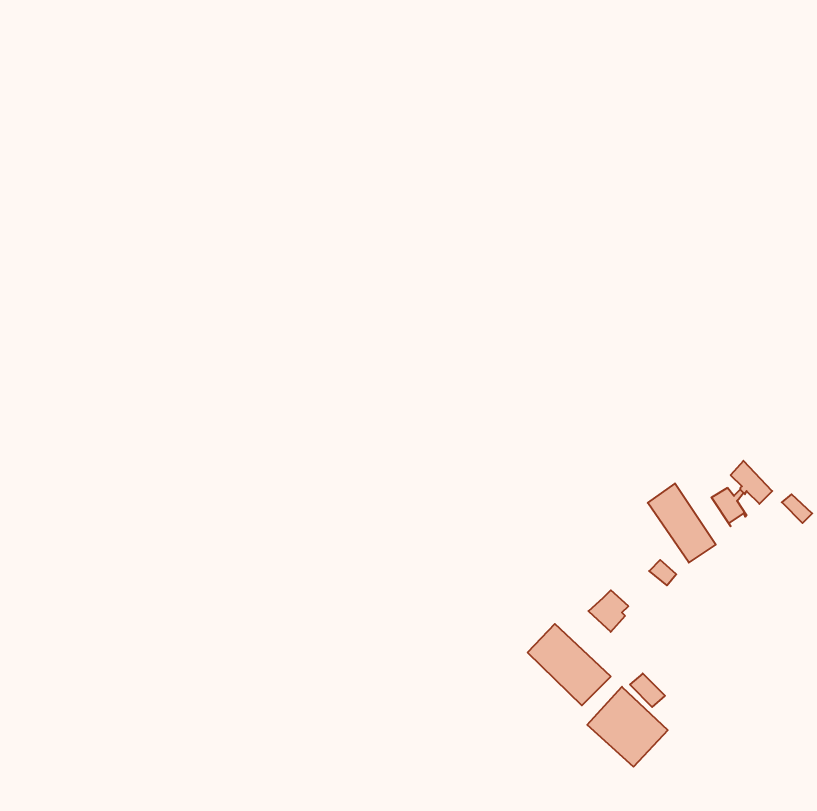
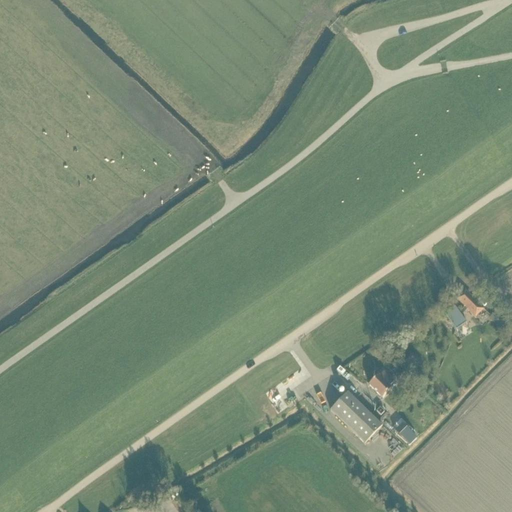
building: [648,483,716,563] -> none
building: [587,687,668,767] -> none

